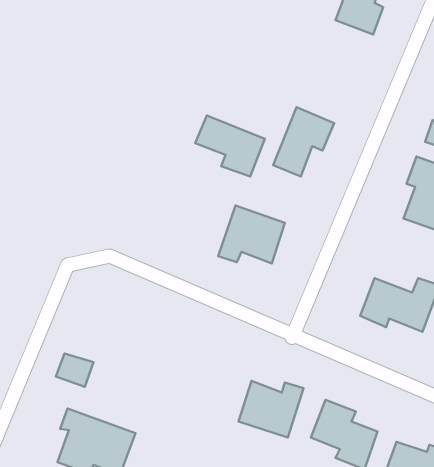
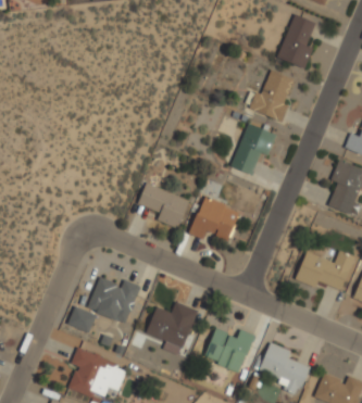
building: none -> [249,71,294,119]
building: [195,116,265,176] -> [137,182,189,228]
building: none -> [87,277,139,323]
building: none -> [147,302,196,355]

